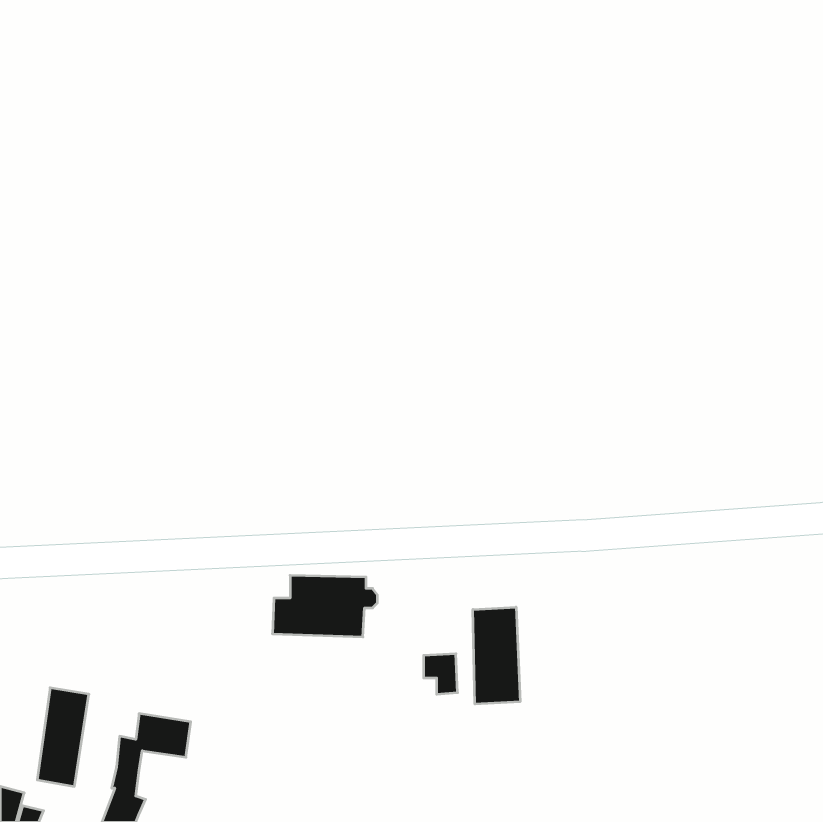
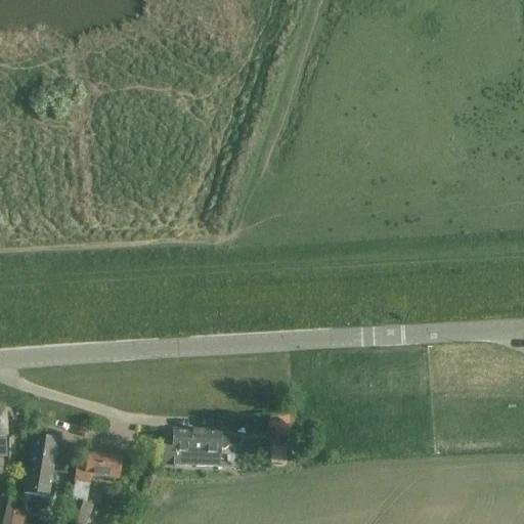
building: [272,575,377,637] -> [163,428,229,467]
building: [473,607,520,704] -> none

